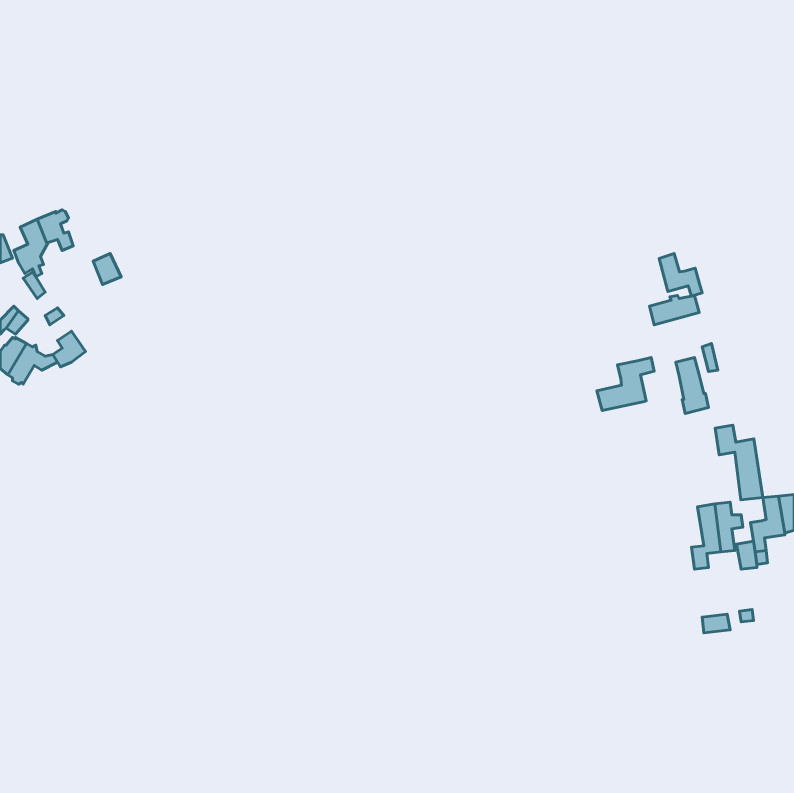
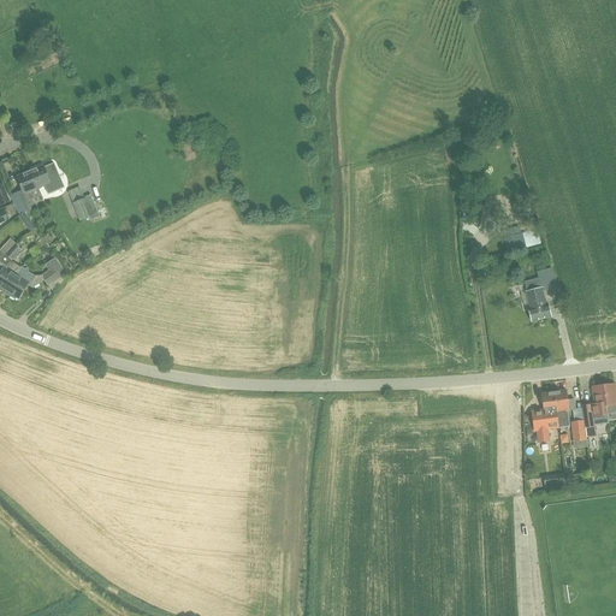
building: [659,254,702,296] -> none
building: [597,357,654,410] -> none
building: [715,425,763,500] -> none

